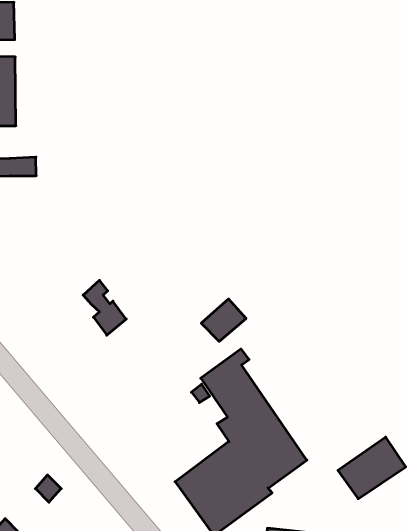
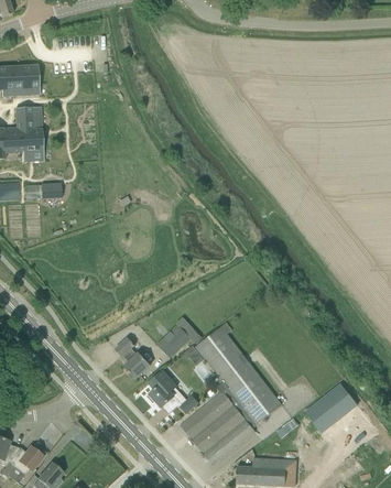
building: [83,280,126,335] -> [116,336,150,378]
building: [201,299,246,341] -> [156,323,191,356]
building: none -> [149,369,198,412]

